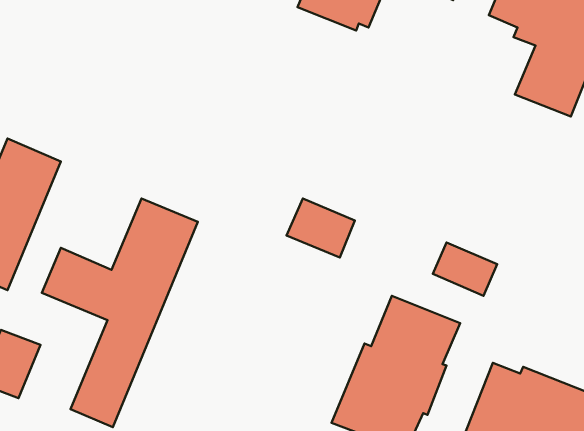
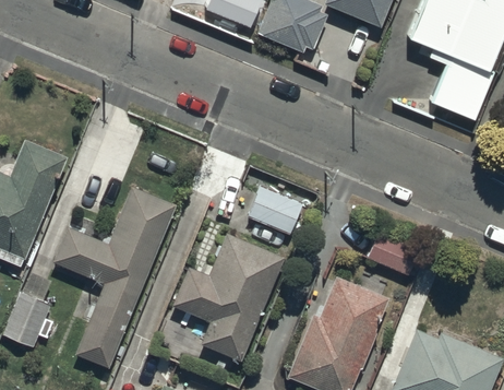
building: none -> [172,235,285,364]

